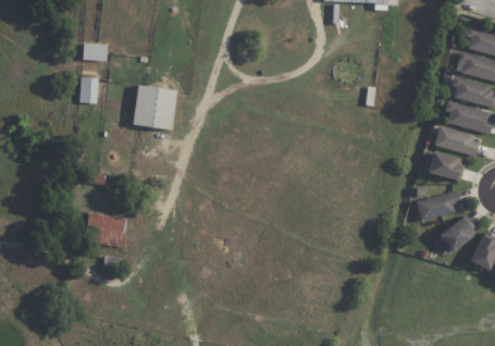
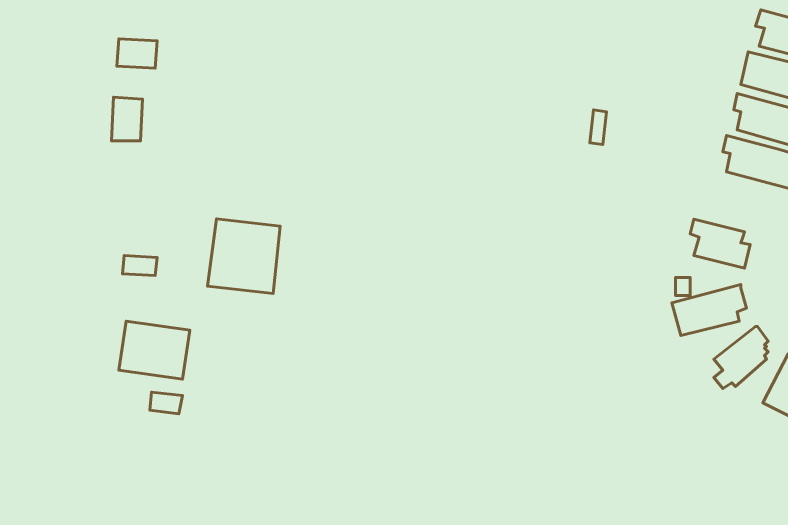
building: [134,86,177,131] -> [208,219,280,293]
building: [434,126,479,157] -> none

